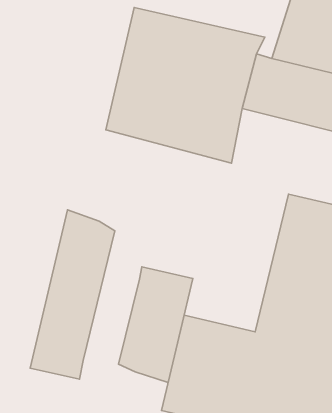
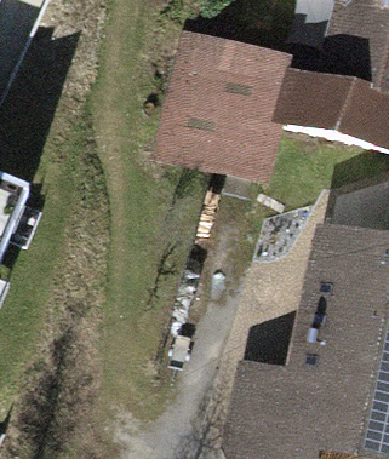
building: [30,210,115,379] -> none
building: [118,267,193,382] -> none

